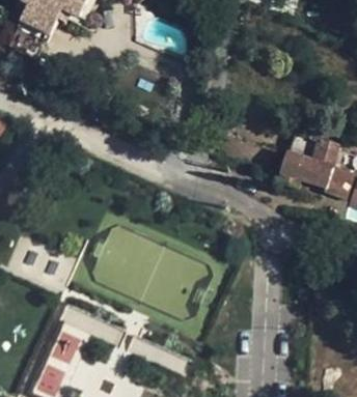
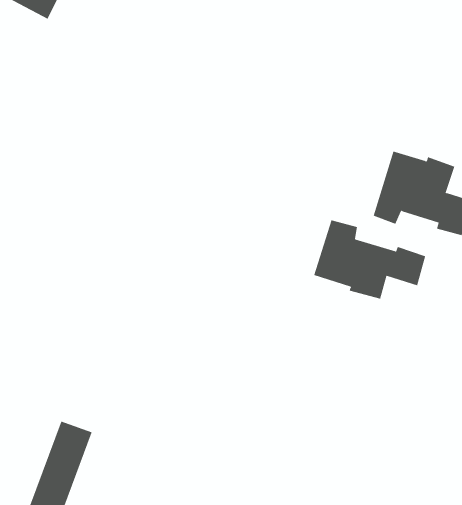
building: none -> [314,220,426,299]

